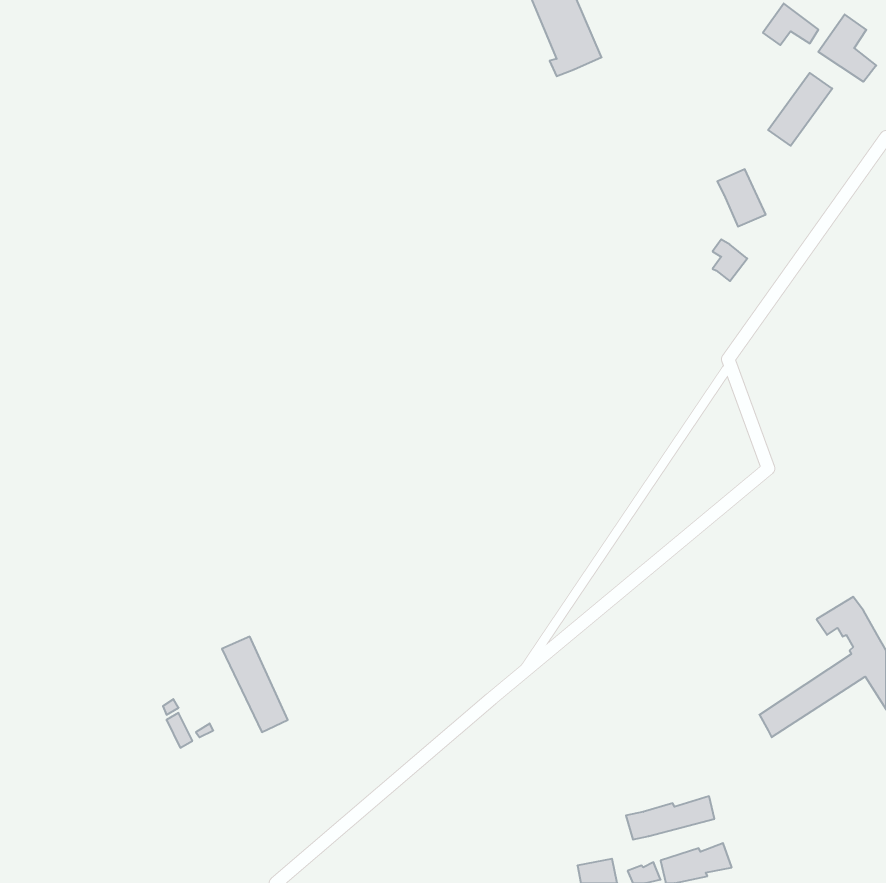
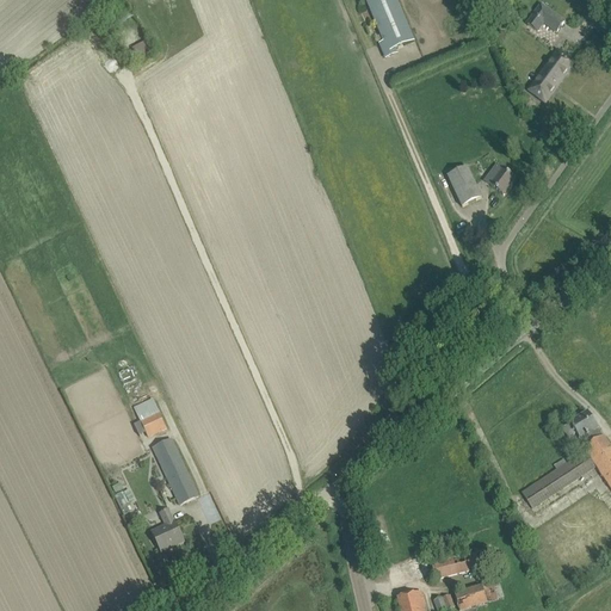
building: [818,14,876,82] -> none
building: [717,169,766,227] -> [448,166,481,205]
building: none -> [134,397,167,437]
building: none -> [152,508,184,548]

